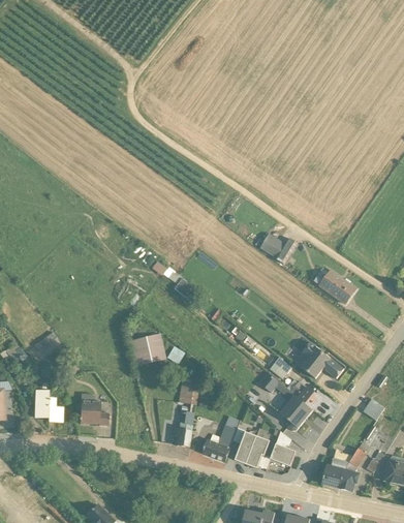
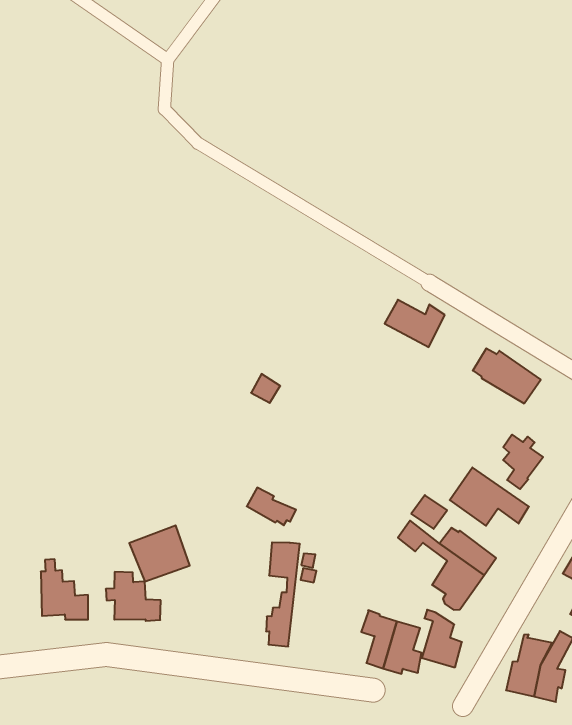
building: none -> [503,435,543,489]
building: [129,329,166,363] -> [129,525,190,582]
building: [203,418,241,462] -> none

